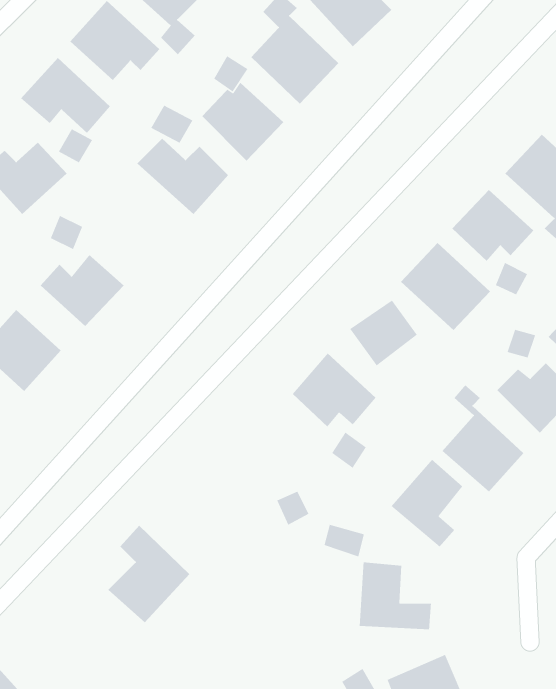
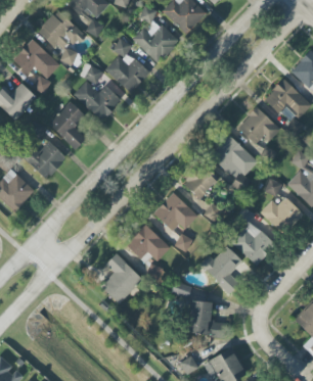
building: none -> [49,102,86,149]
building: none -> [125,224,170,263]
building: [108,525,190,623] -> [99,253,142,304]

